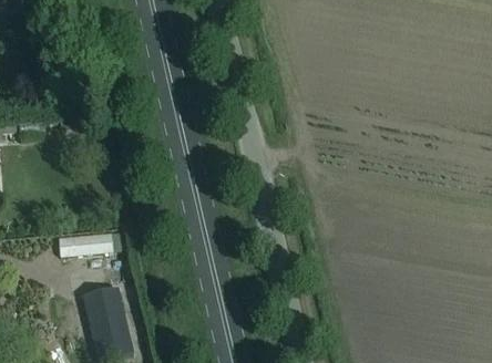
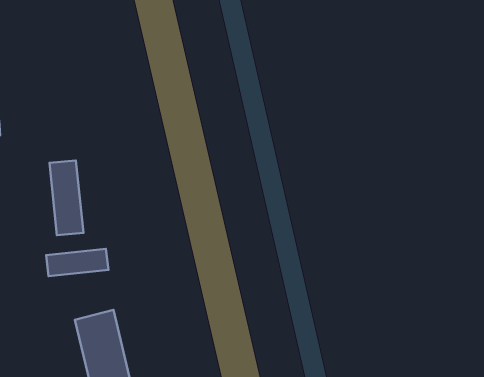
building: none -> [49,161,84,235]

